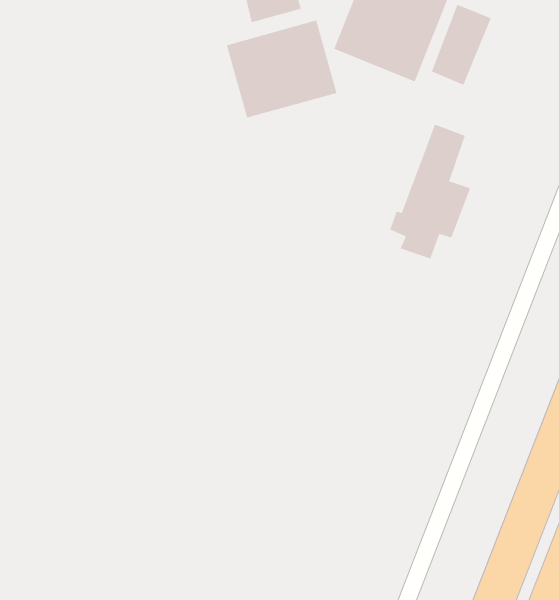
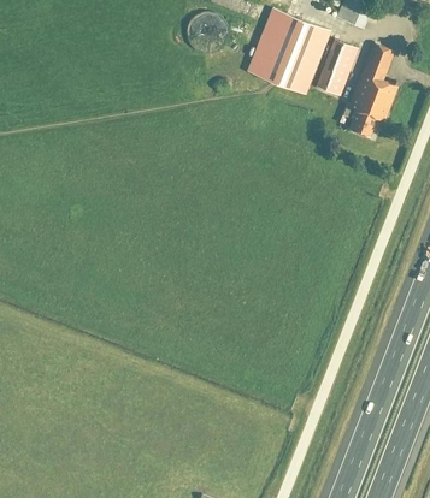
building: [226,20,337,118] -> none
building: [389,123,471,259] -> [342,41,399,135]

